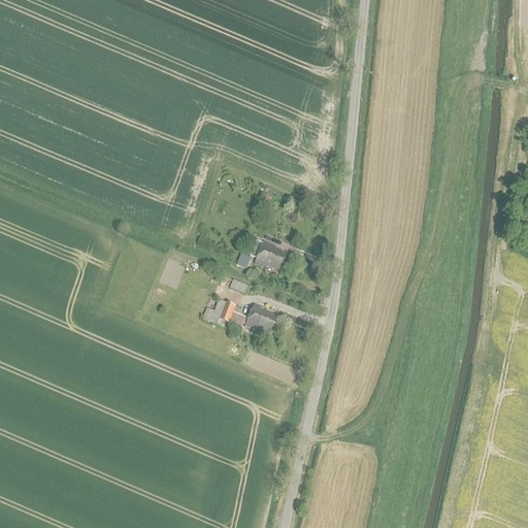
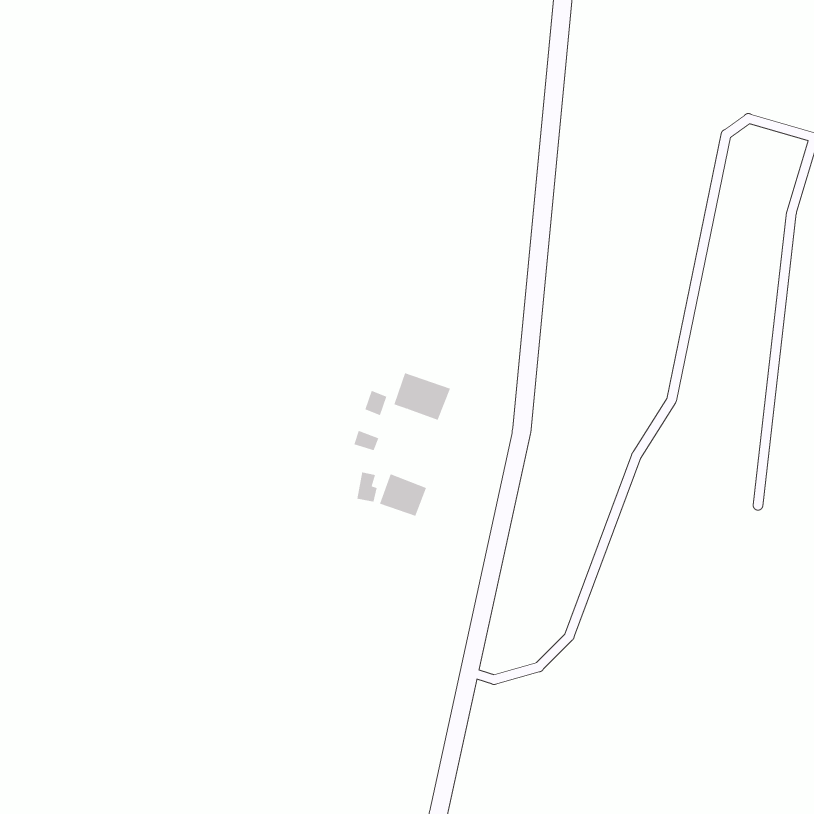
building: [202,298,233,321] -> none

